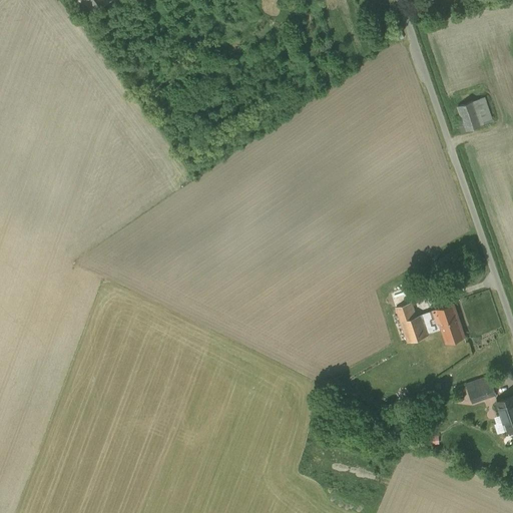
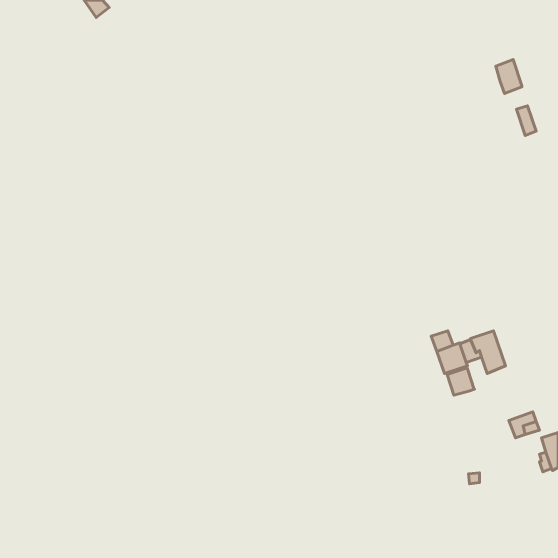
building: [458,100,482,131] -> [496,60,522,93]
building: none -> [447,368,474,395]

